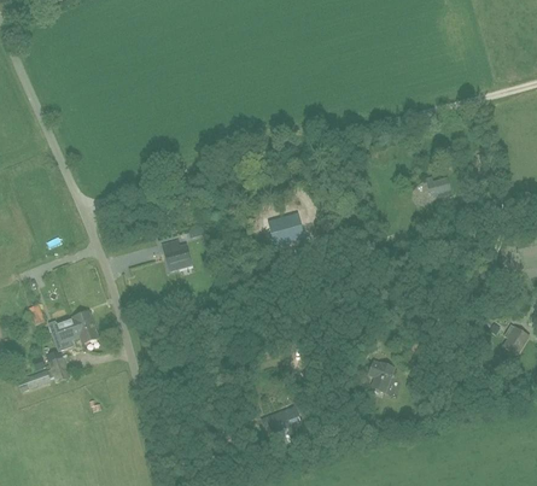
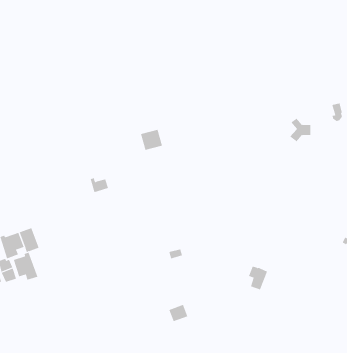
building: [274,215,303,242] -> [140,129,163,151]
building: none -> [13,252,38,281]

